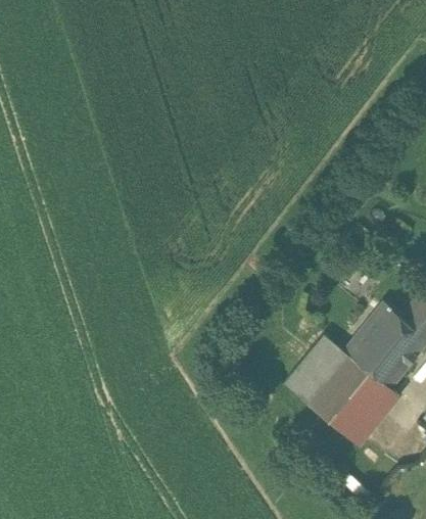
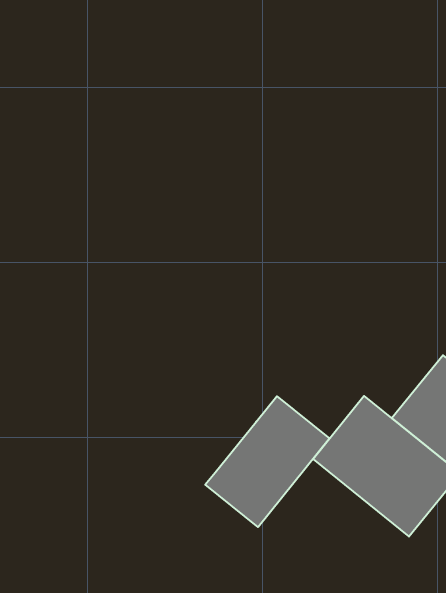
building: none -> [205,396,330,527]

